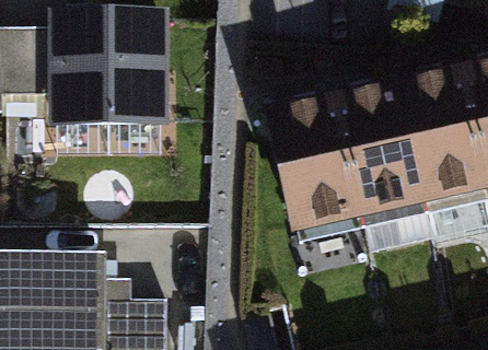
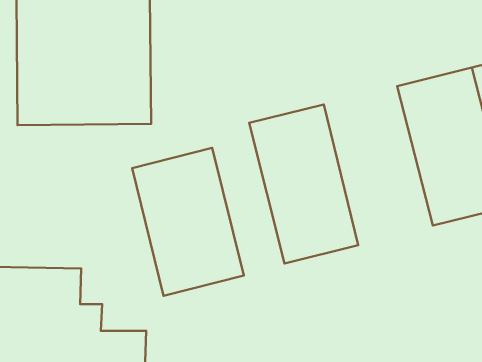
building: [326,90,423,232] -> none
building: none -> [132,148,244,296]

